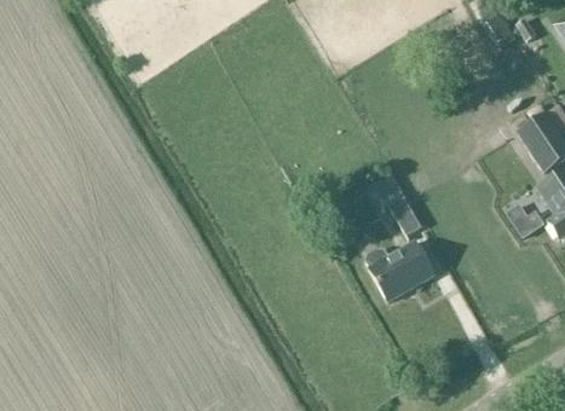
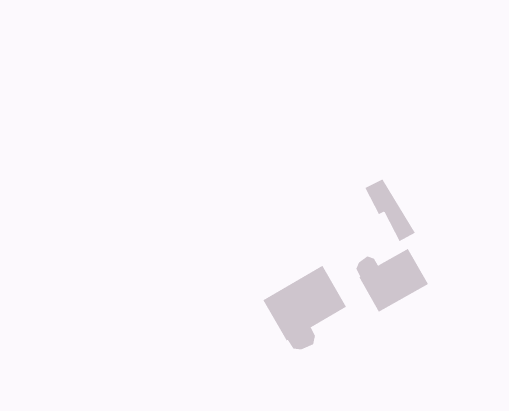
building: none -> [263,265,347,350]

